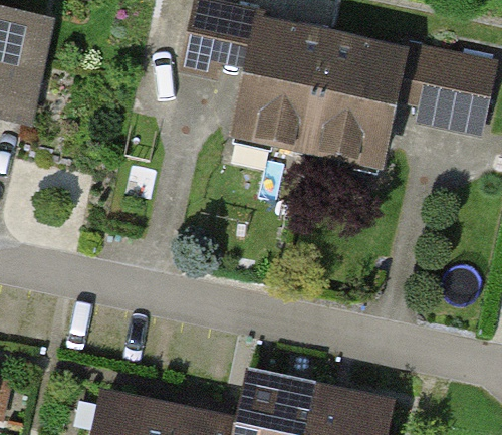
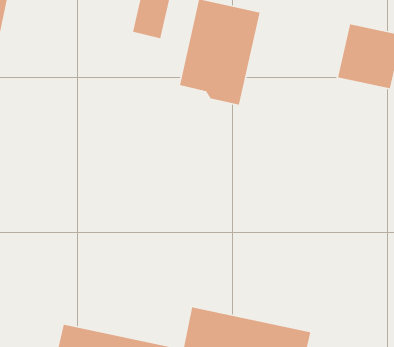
building: [309,40,406,156] -> none

